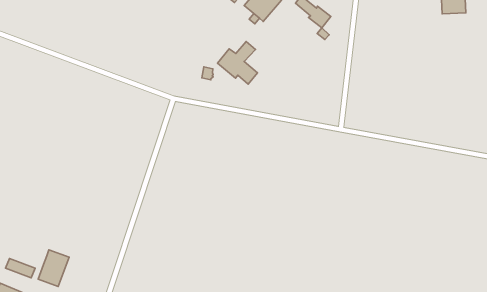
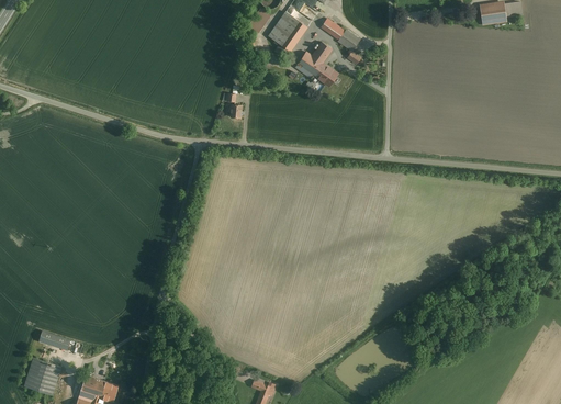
building: [218,41,257,84] -> [293,42,337,88]
building: [38,250,69,286] -> none

